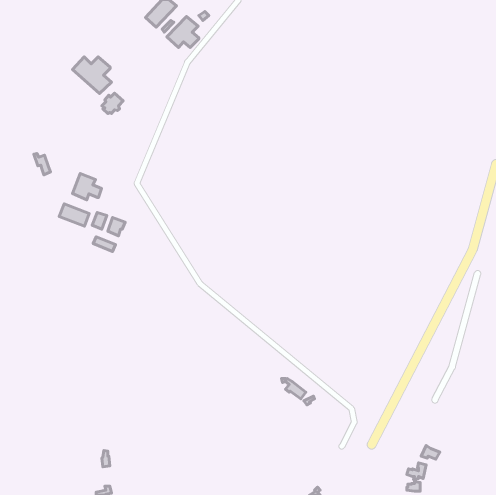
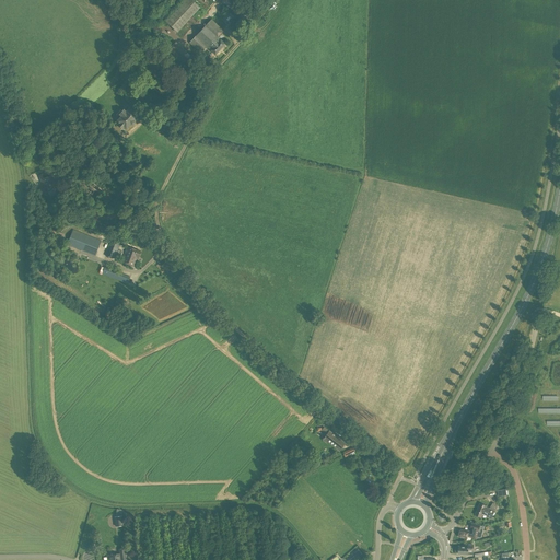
building: [73,57,111,93] -> none
building: [72,173,102,200] -> none

